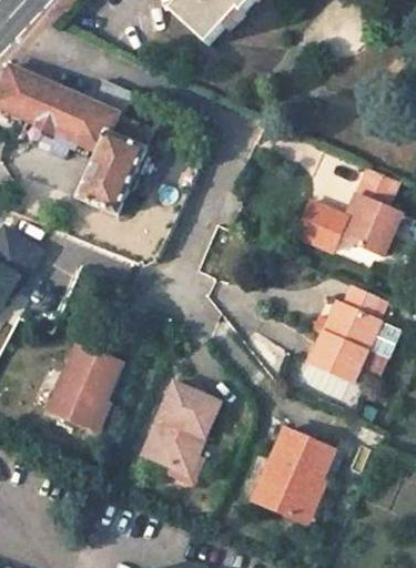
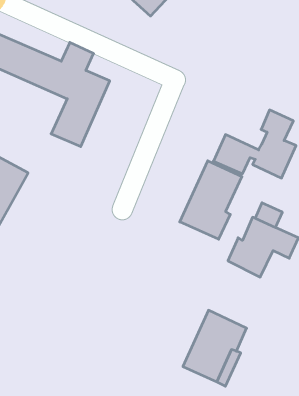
building: none -> [180,161,242,239]
building: [44,343,118,427] -> none
building: [139,382,217,478] -> none

